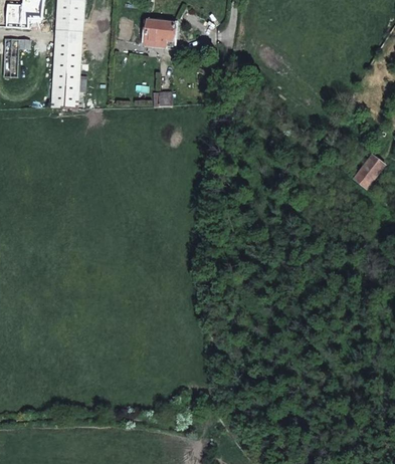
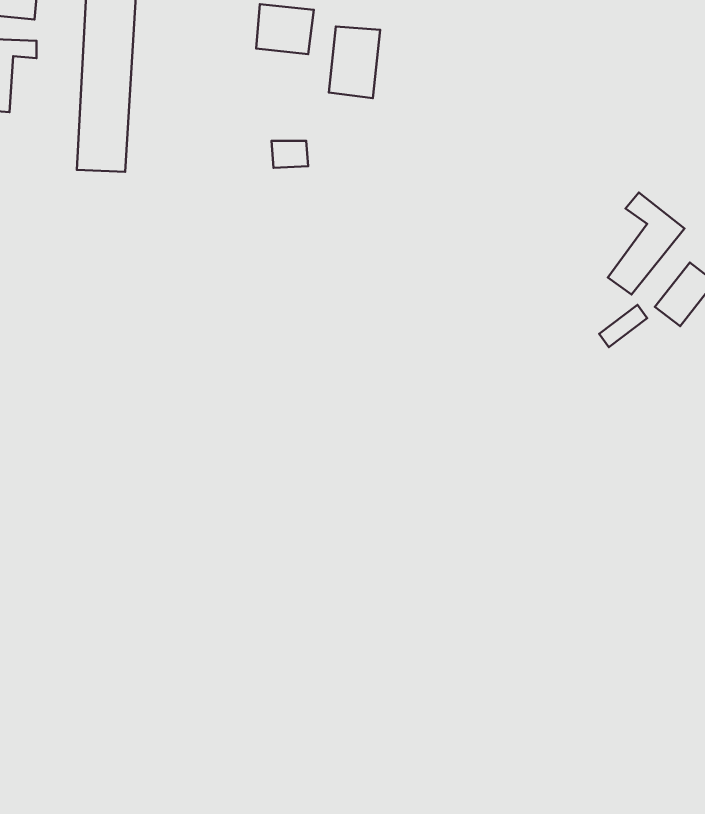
building: none -> [329,26,380,98]
building: none -> [608,193,684,295]

